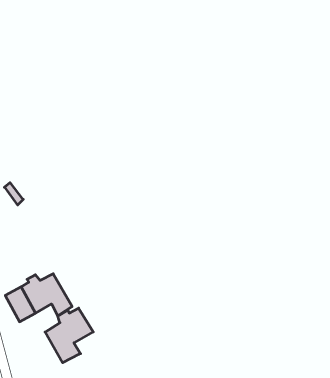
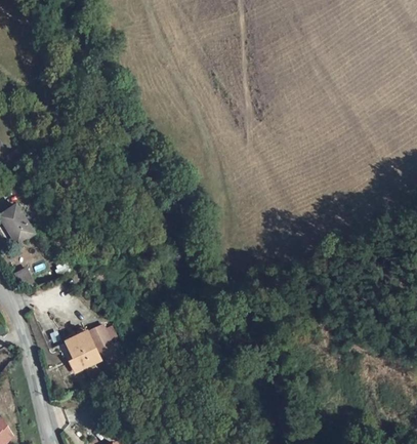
building: [45,308,93,363] -> none

